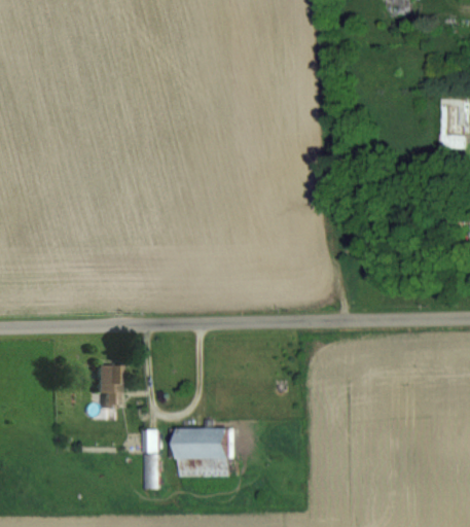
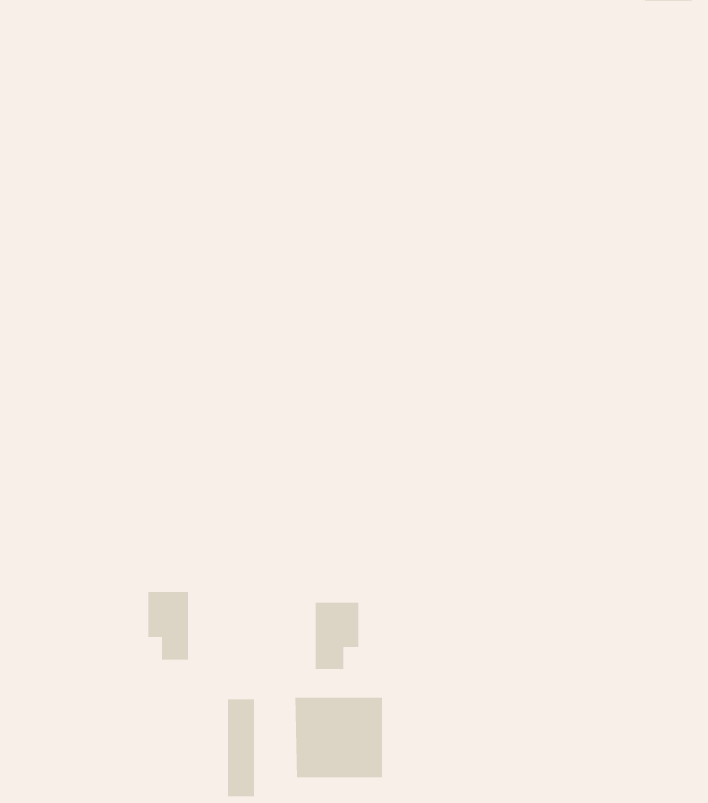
building: none -> [315,602,359,670]

